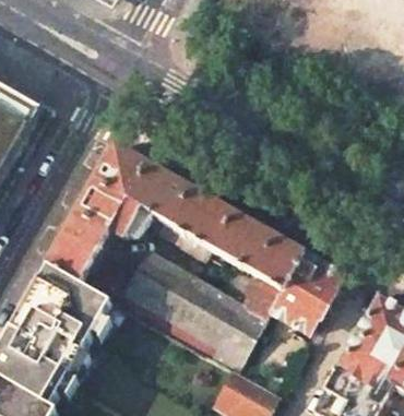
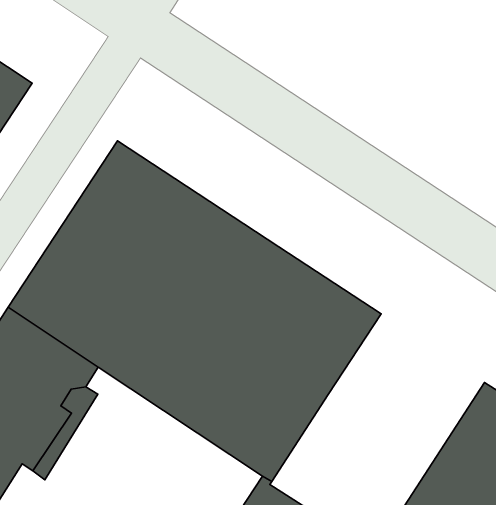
building: [265,249,336,329] -> none

